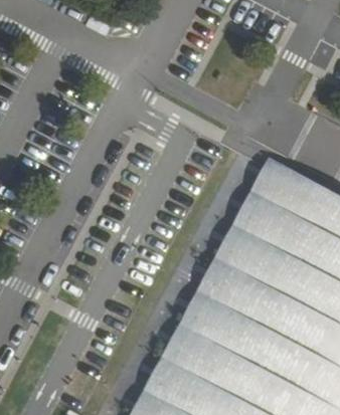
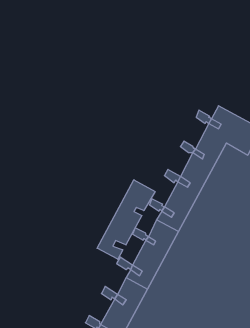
building: none -> [97,180,155,259]

